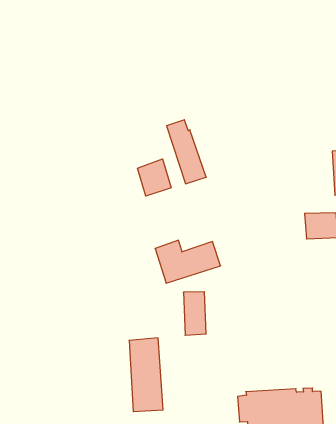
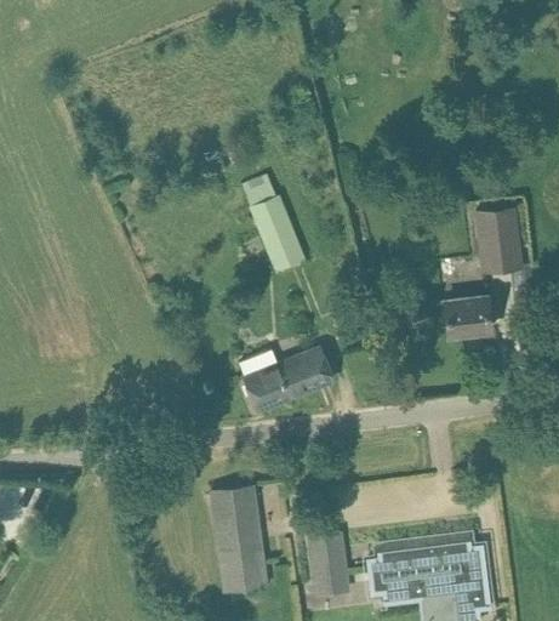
building: [137,159,171,196] -> none
building: [183,292,206,335] -> [310,534,346,596]

